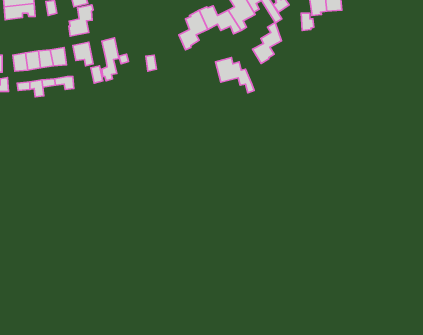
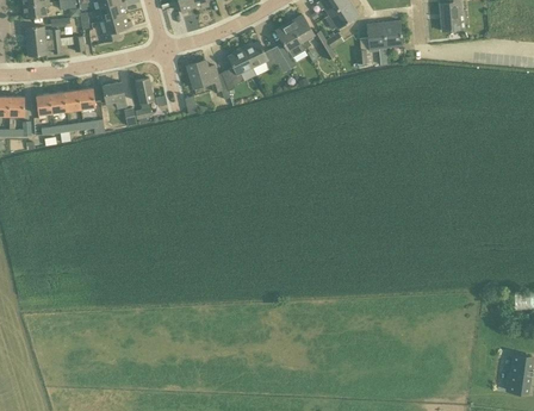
building: [69,5,93,36] -> none
building: [253,23,281,64] -> none
building: [216,57,254,93] -> [186,60,229,99]

